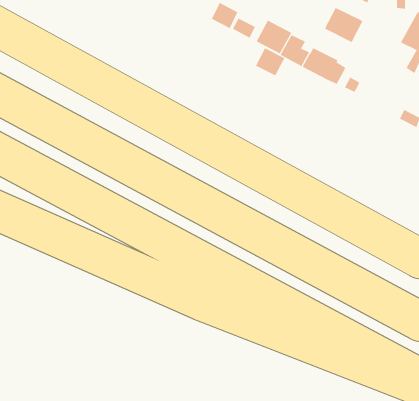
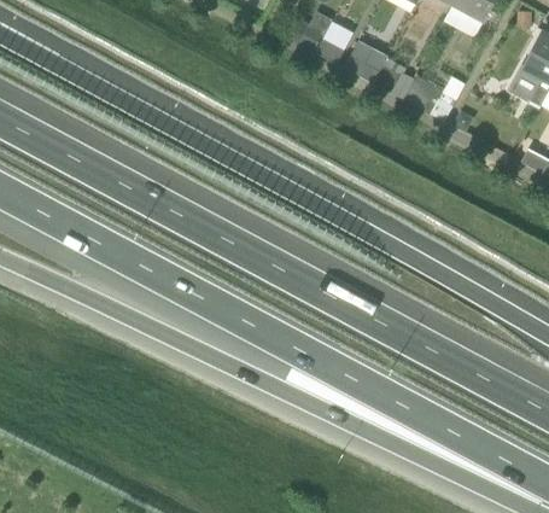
building: [324,7,363,43] -> none
building: [255,48,285,76] -> none

